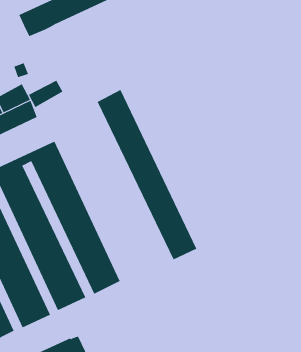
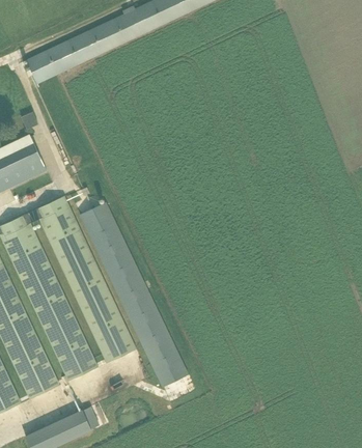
building: [28,80,63,108] -> none
building: [97,89,197,260] -> [79,201,188,387]

